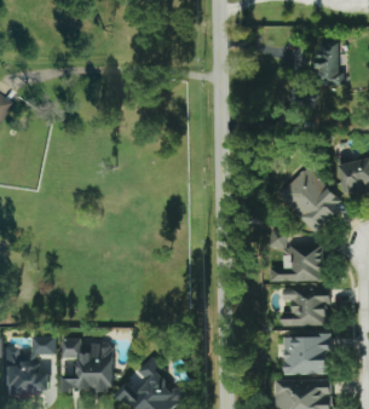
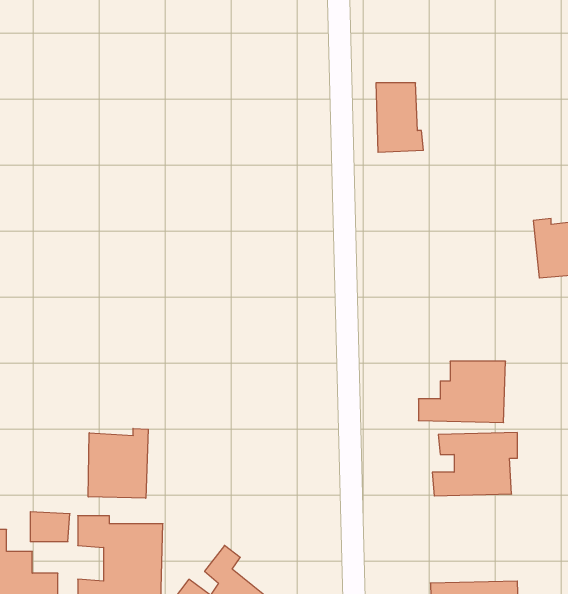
building: [316,44,345,86] -> [376,83,423,152]
building: [279,167,344,231] -> none
building: none -> [88,428,148,498]
building: [282,335,330,375] -> none

